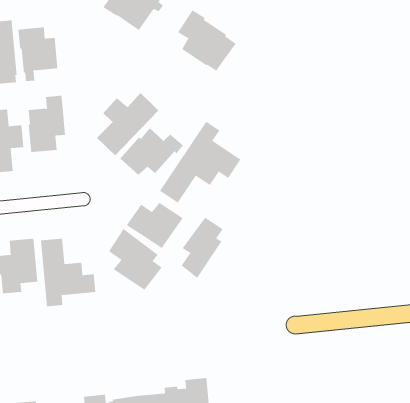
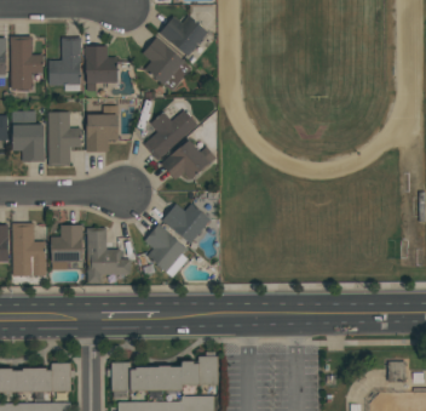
building: [177,9,237,72] -> [142,36,191,91]
building: [159,121,241,204] -> none
building: [181,217,224,279] -> none

